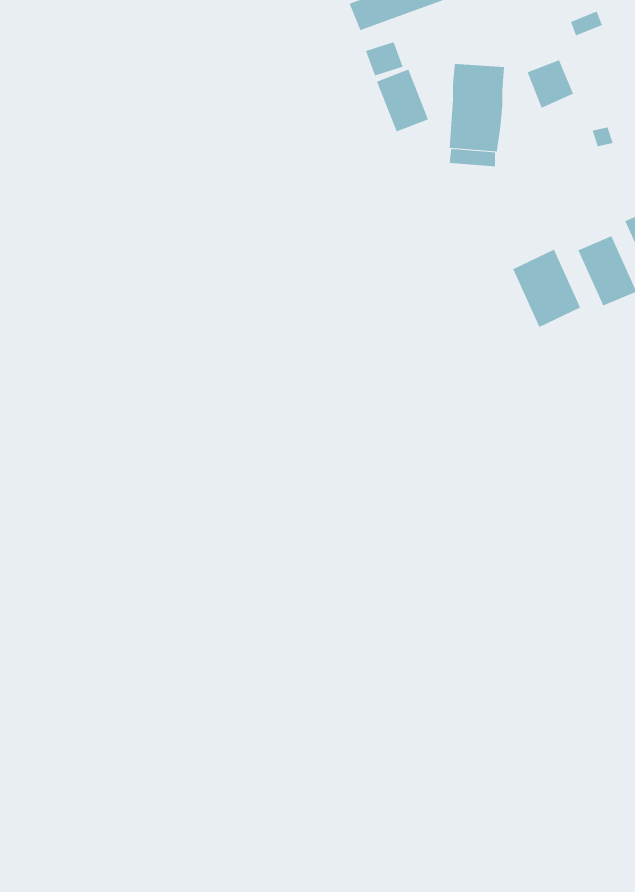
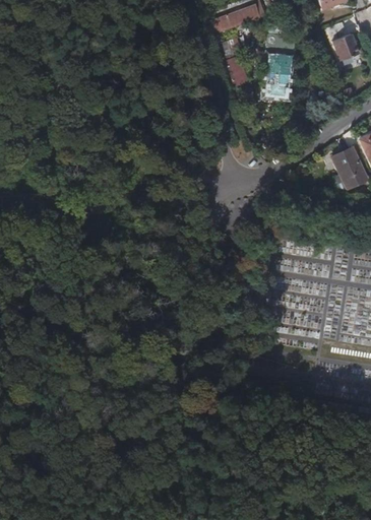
building: [527,59,574,108] -> [333,32,360,60]
building: [513,249,581,328] -> none

